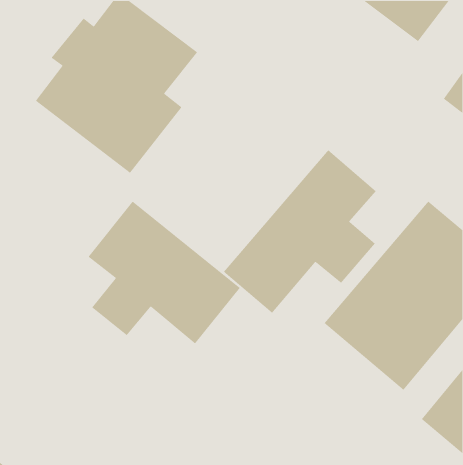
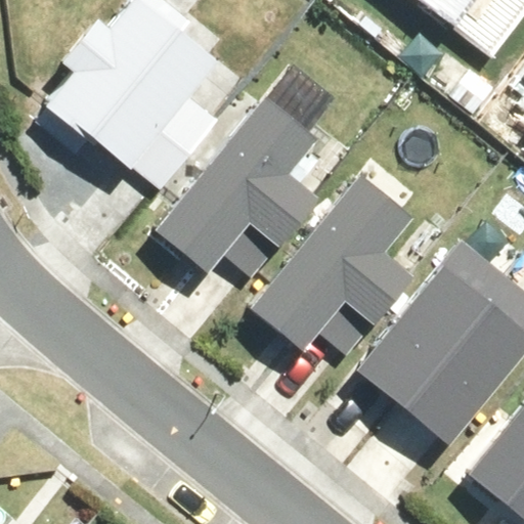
building: none -> [158,91,328,274]
building: [87,201,241,344] -> none

